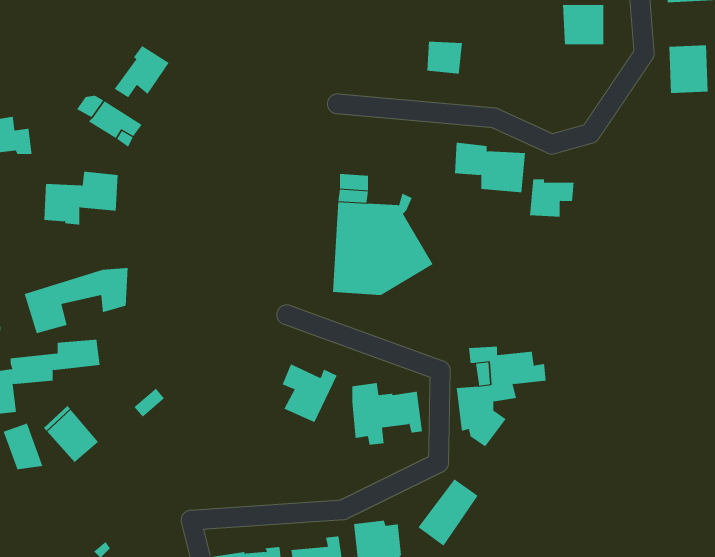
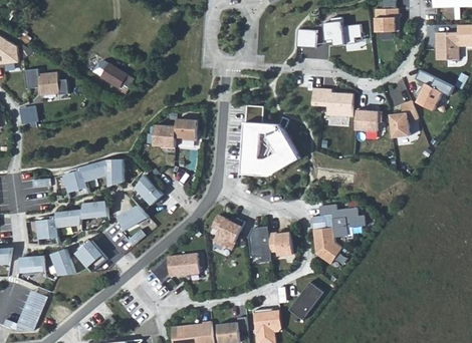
building: none -> [321,16,360,45]
building: [114,45,169,98] -> none
building: none -> [414,82,441,108]
building: none -> [388,98,416,135]
building: [43,171,118,225] -> [153,118,196,149]
building: none -> [135,175,161,205]
building: none -> [116,206,147,230]
building: none -> [167,253,198,277]

